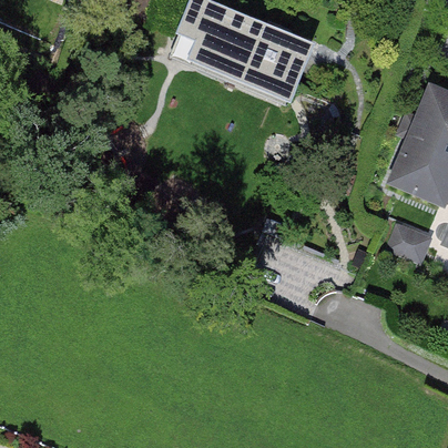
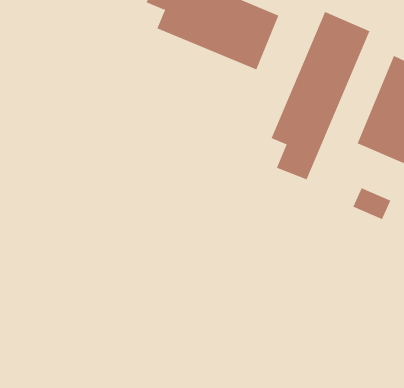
building: none -> [271,11,370,180]

